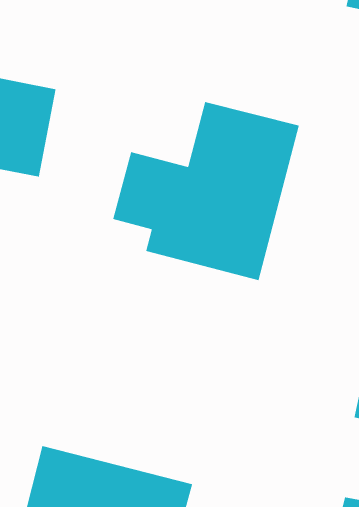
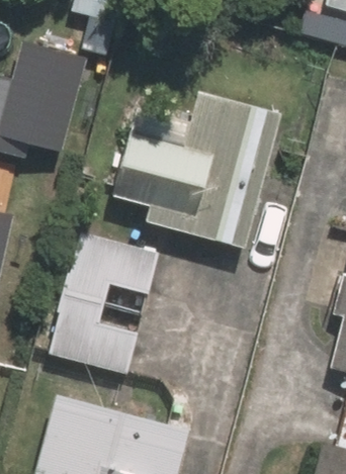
building: none -> [49,229,161,371]

